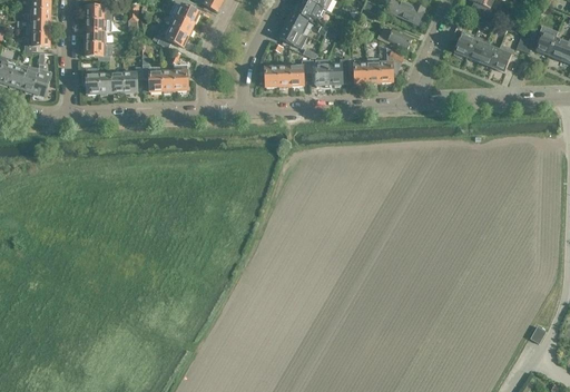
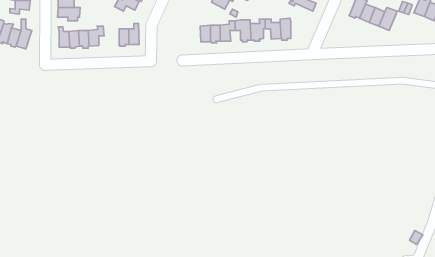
building: [379,47,403,82] -> none
building: [140,55,161,91] -> none

